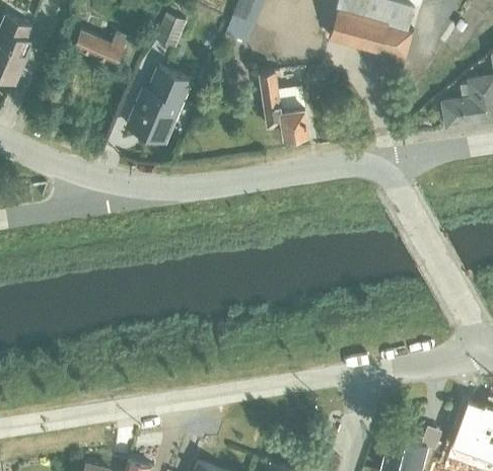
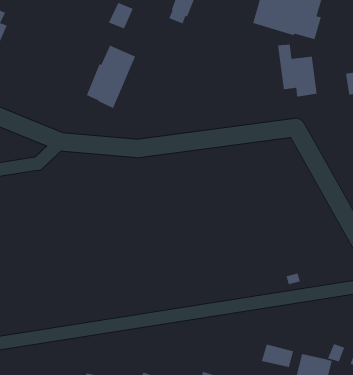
building: [73,29,139,68] -> none
building: [260,71,308,136] -> [277,44,317,98]
building: none -> [261,344,294,368]

